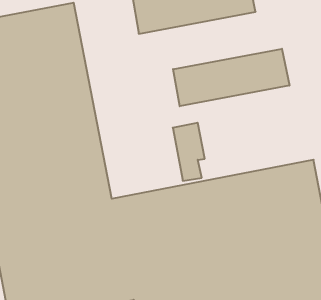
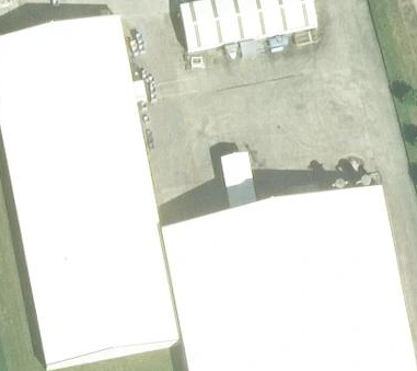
building: [173,49,289,106] -> none

